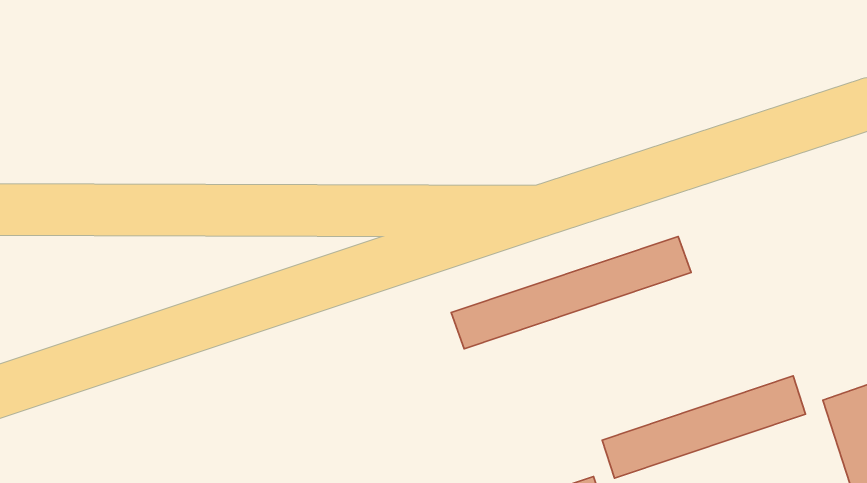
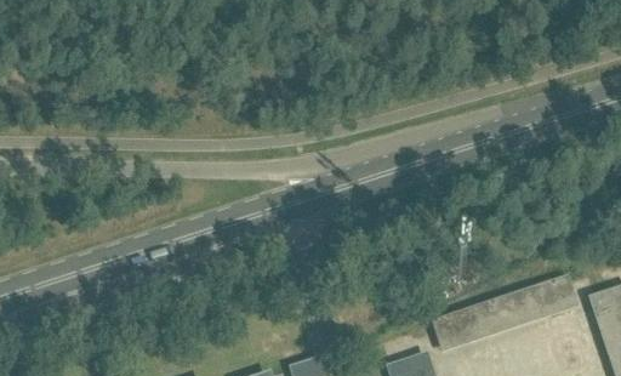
building: [451,236,691,349] -> none

